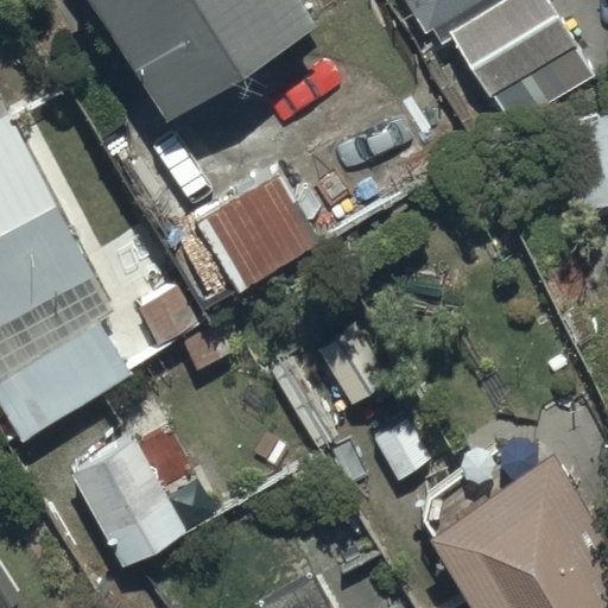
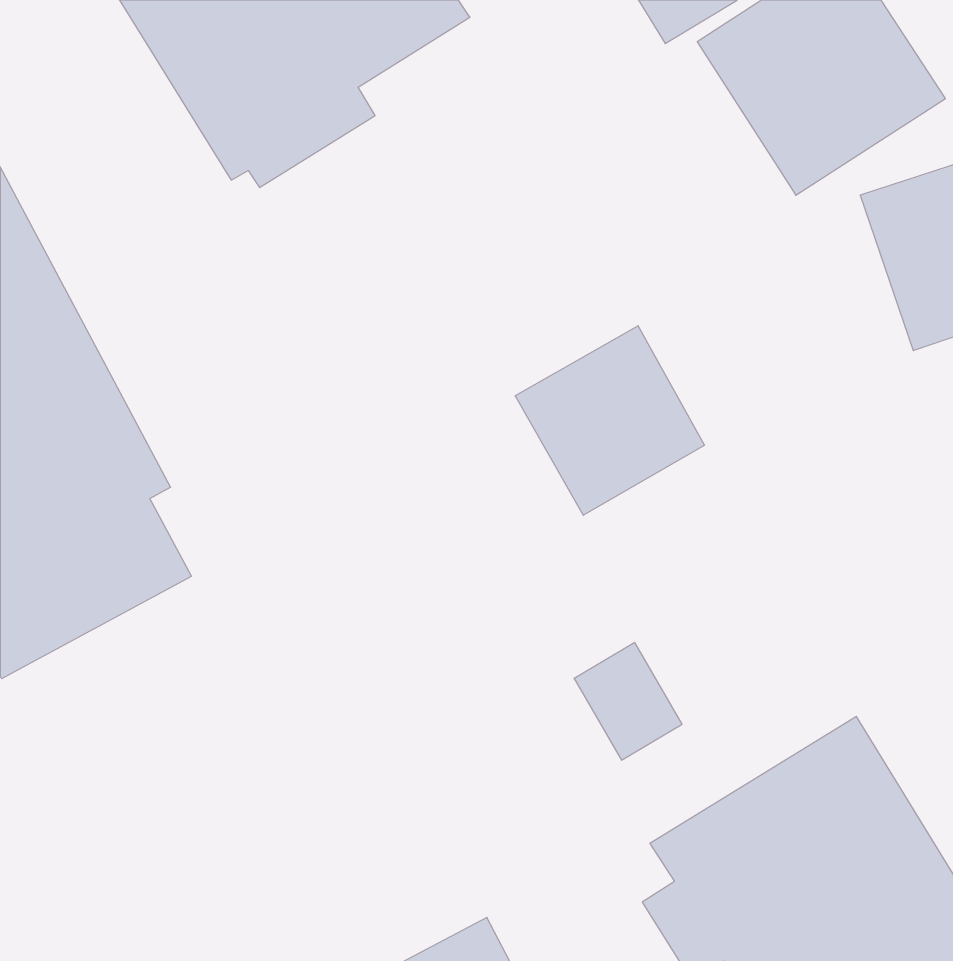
building: [196,172,315,291] -> [515,326,705,515]
building: [71,431,184,559] -> none

